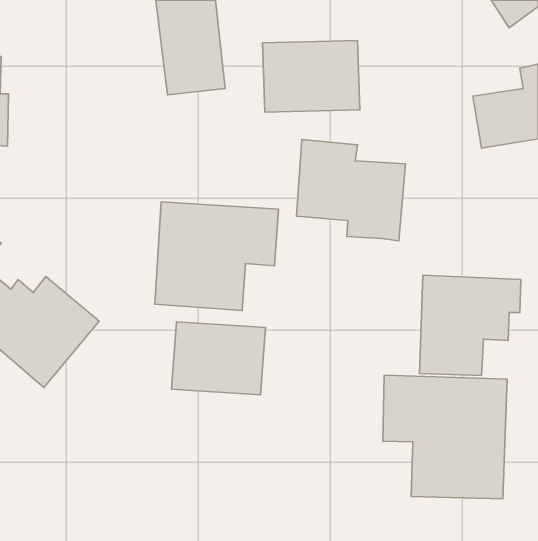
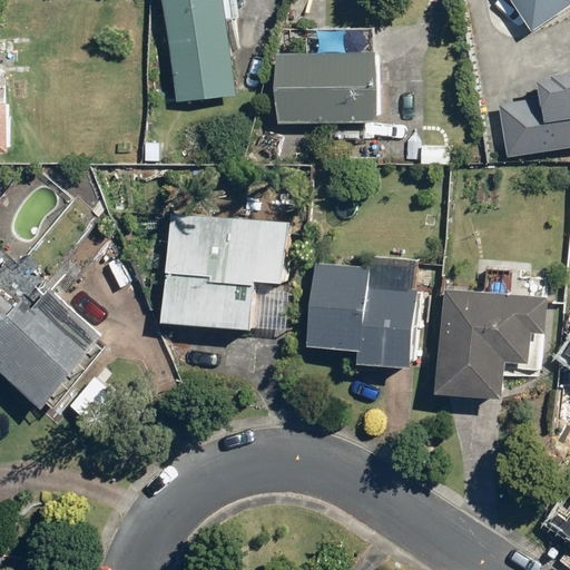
building: [297,139,405,241] -> [306,264,420,370]
building: [172,322,265,395] -> none
building: [383,375,507,499] -> none

